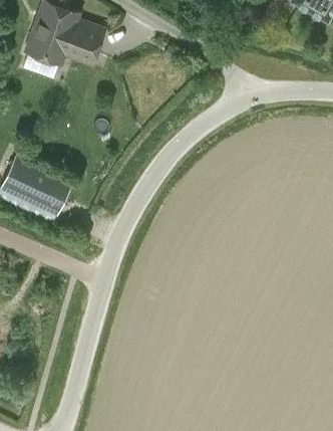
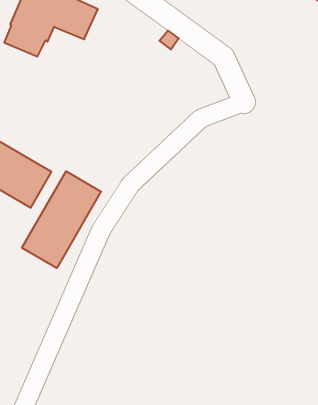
building: none -> [22,171,101,268]

